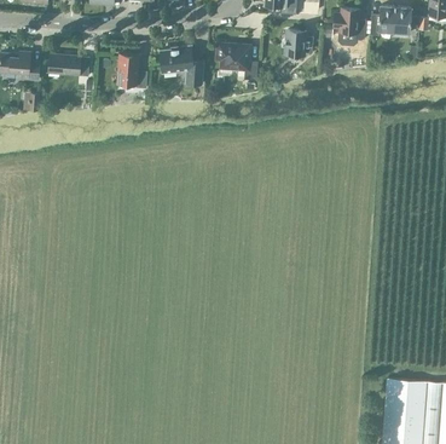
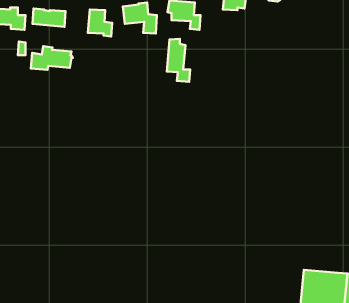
building: none -> [167,39,190,82]
building: none -> [31,46,73,70]

